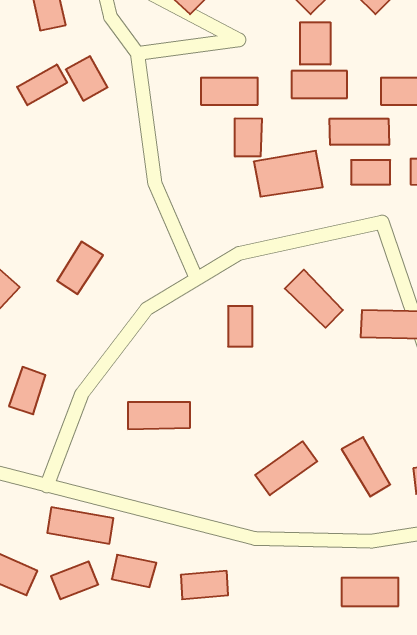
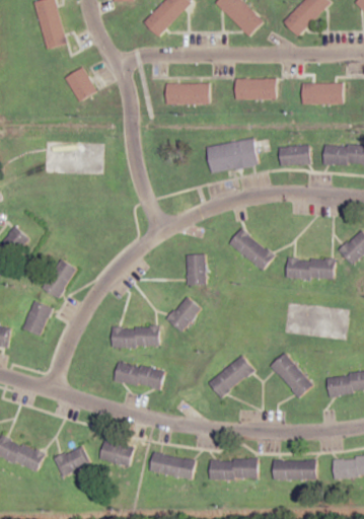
building: [300,22,330,65] -> none
building: [17,64,67,105] -> none
building: [235,118,262,157] -> none
building: [330,119,389,145] -> none
building: [57,242,103,294] -> [42,258,76,298]
building: none -> [166,296,201,331]
building: [47,507,113,544] -> [114,362,163,389]
building: none -> [209,458,256,477]

